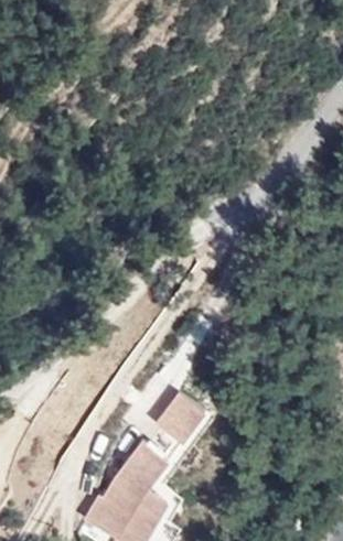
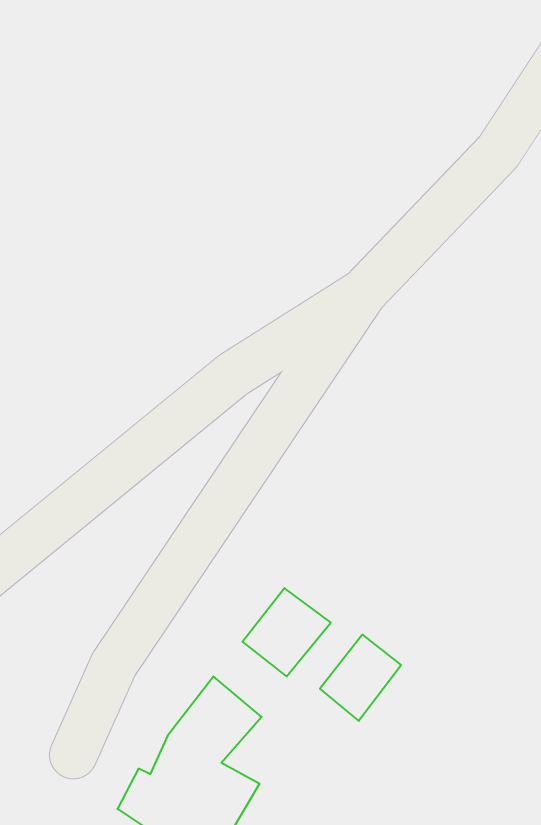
building: none -> [320,635,401,721]

